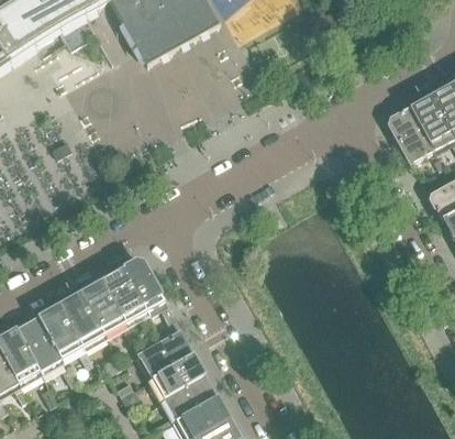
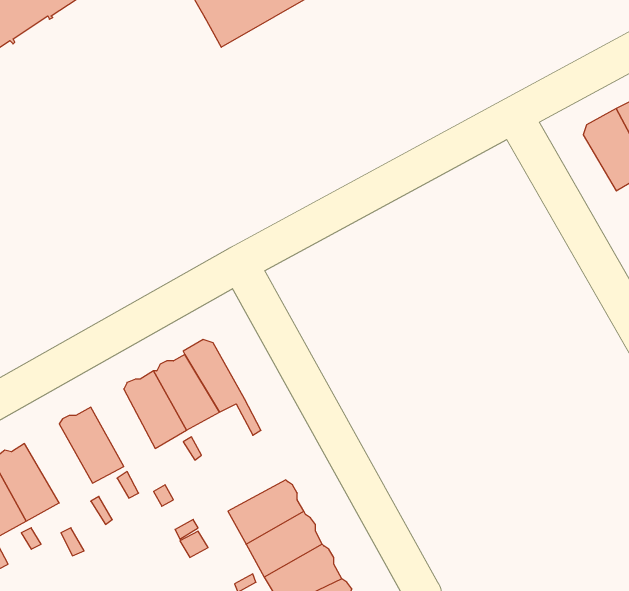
building: [62,290,104,342] -> none
building: [18,314,63,366] -> none
building: [141,318,191,372] -> none

